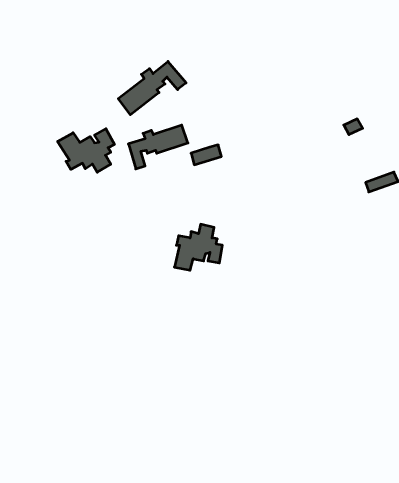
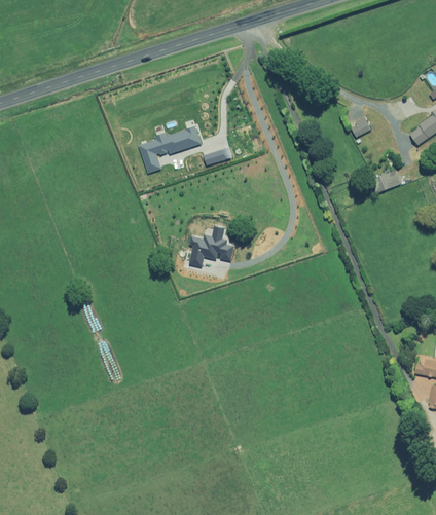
building: [118,61,186,115] -> none
building: [58,129,114,172] -> none

